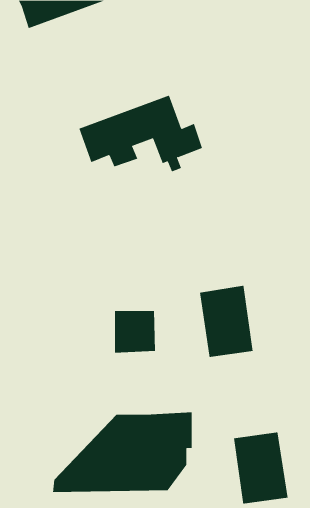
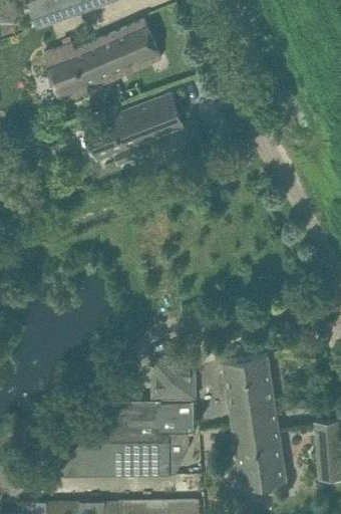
building: none -> [43,20,159,101]
building: [199,285,254,357] -> [224,354,276,424]
building: [114,310,156,353] -> [153,359,194,401]

